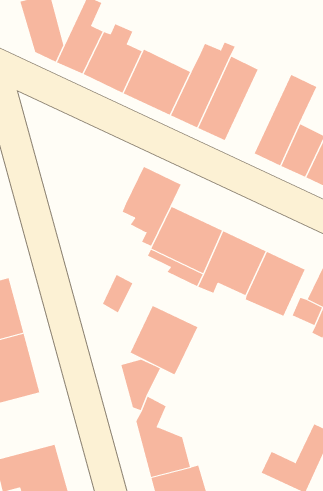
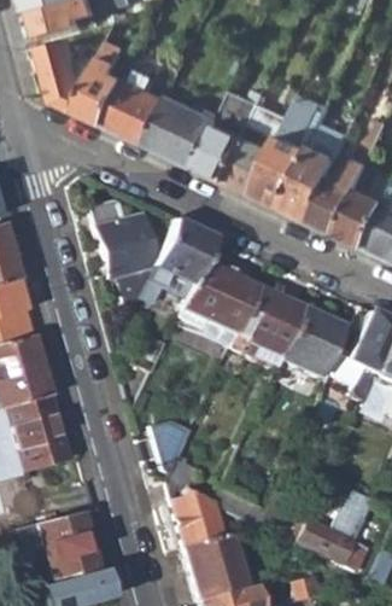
building: none -> [264,94,340,208]
building: none -> [94,200,159,316]
building: [130,305,198,375] -> none

